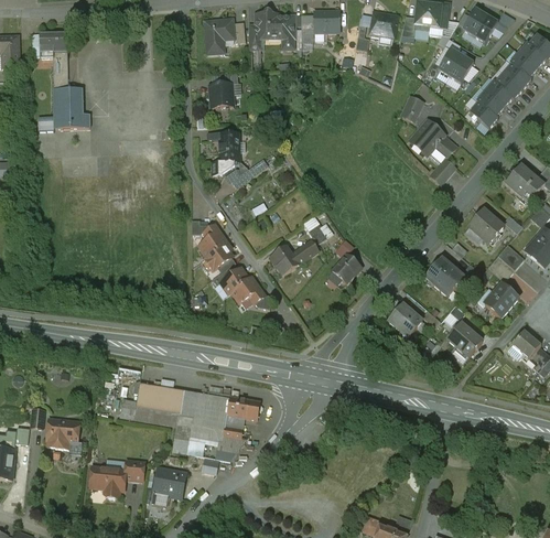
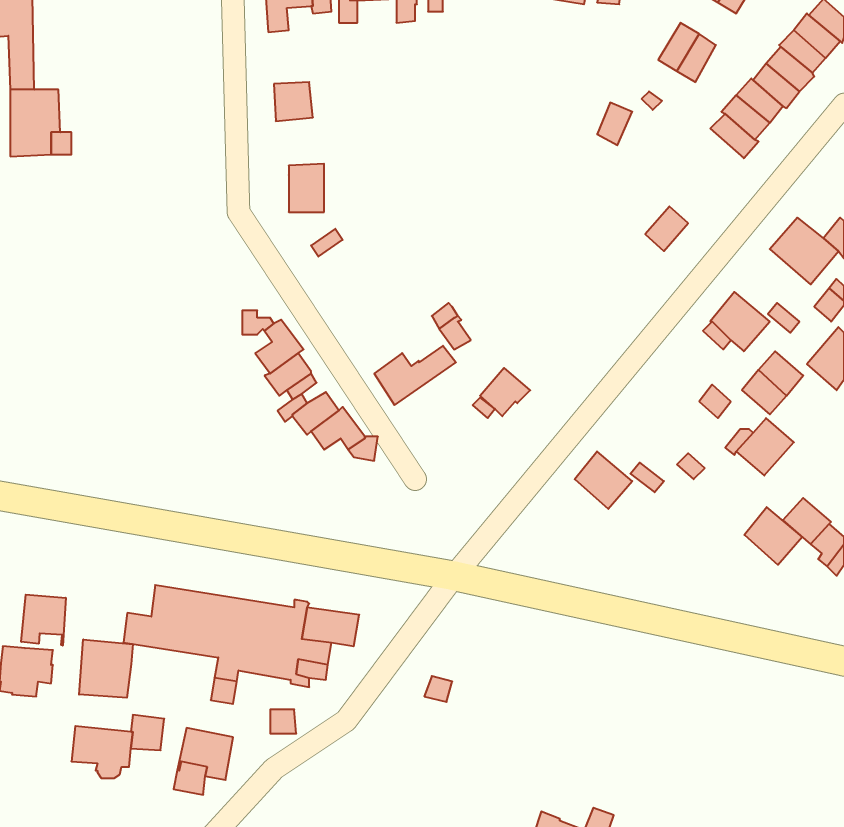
building: [409,119,456,155] -> none
building: [424,258,463,295] -> none
building: [447,322,482,356] -> [744,507,802,565]
building: none -> [21,595,66,646]
building: none -> [79,639,133,698]

